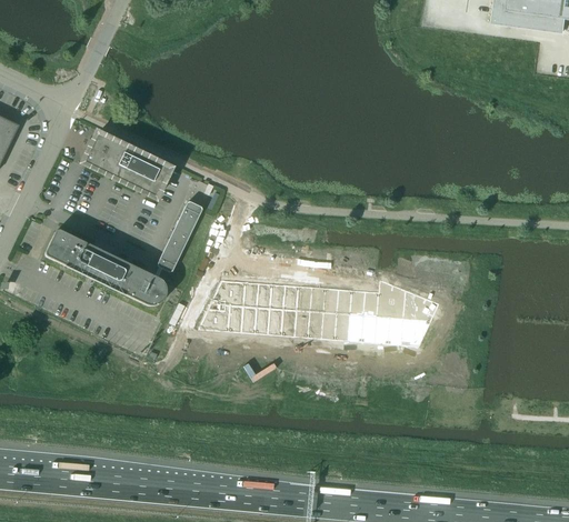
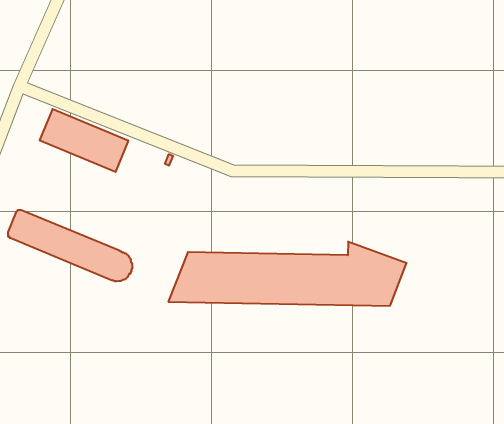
building: [154,200,202,277] -> none

